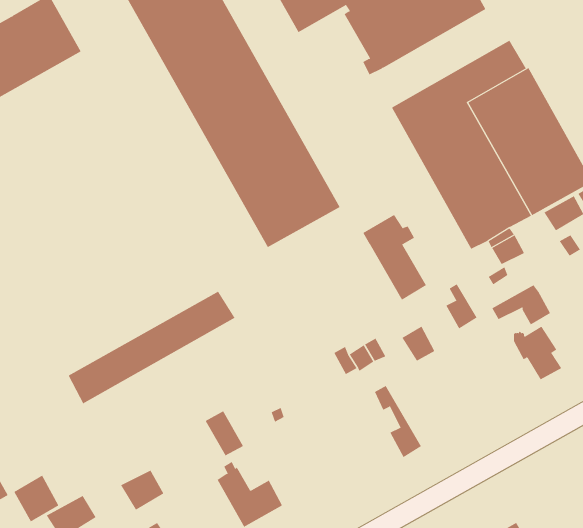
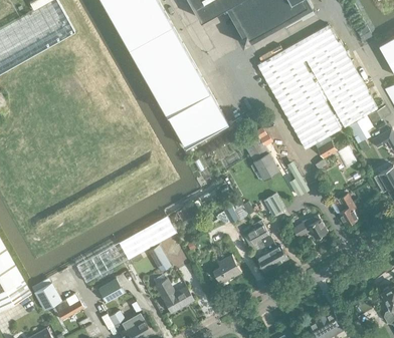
building: [491,284,551,325] -> [291,215,327,239]
building: [68,291,235,404] -> [75,217,175,284]
building: none -> [254,225,287,266]
building: none -> [212,255,241,285]

